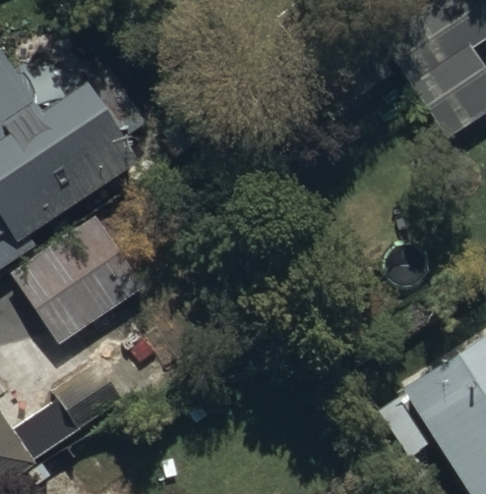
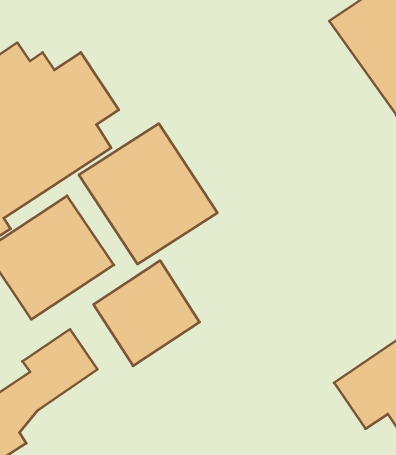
building: none -> [79,124,217,264]
building: none -> [94,261,200,366]

